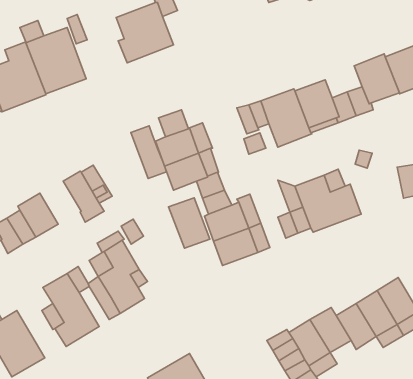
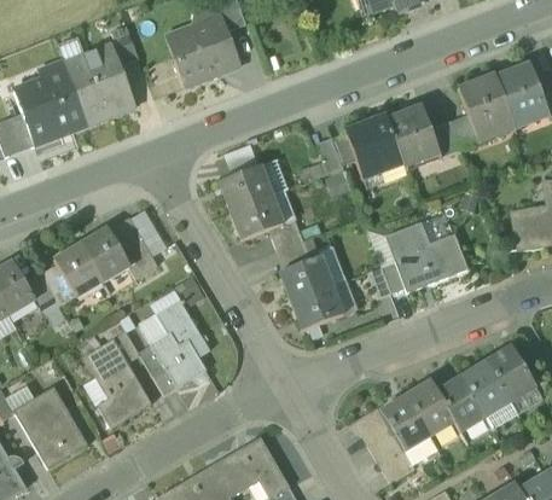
building: [131,126,166,178] -> none
building: none -> [80,228,129,281]
building: [169,198,210,248] -> none

